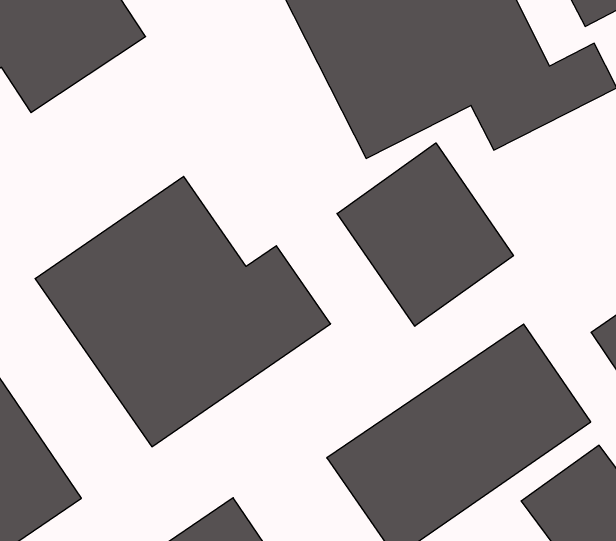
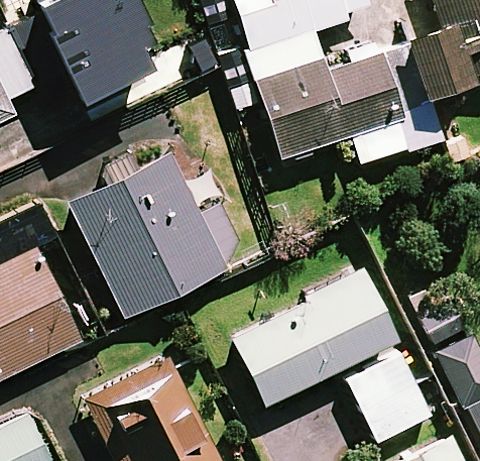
building: [337,143,513,326] -> none

